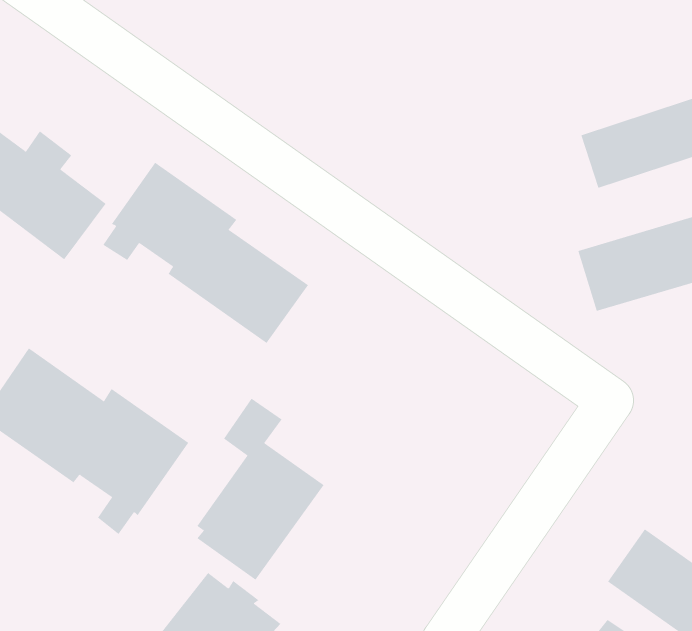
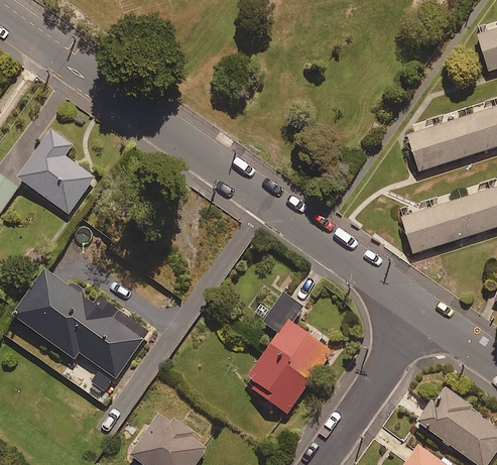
building: [102,162,309,344] -> none
building: [197,398,324,580] -> [249,298,332,416]

